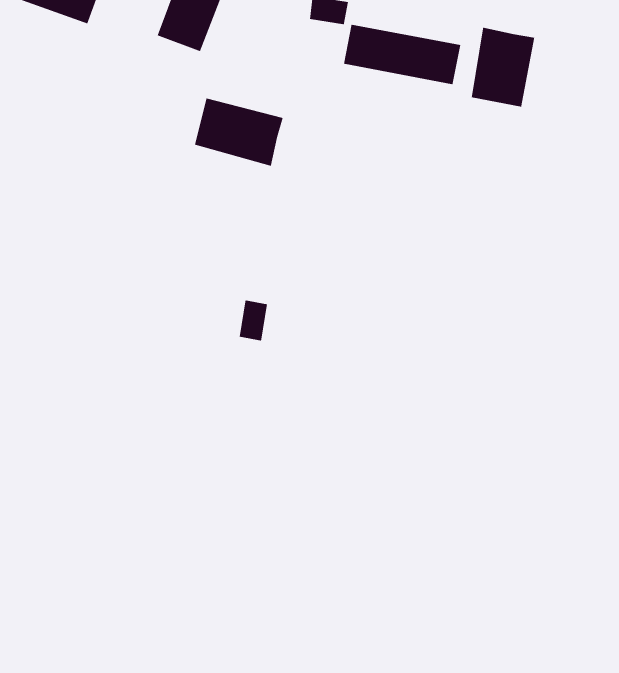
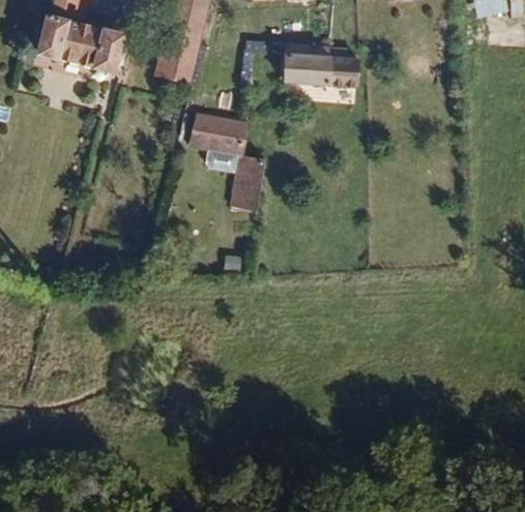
building: [471,27,535,108] -> none
building: none -> [232,153,266,214]

